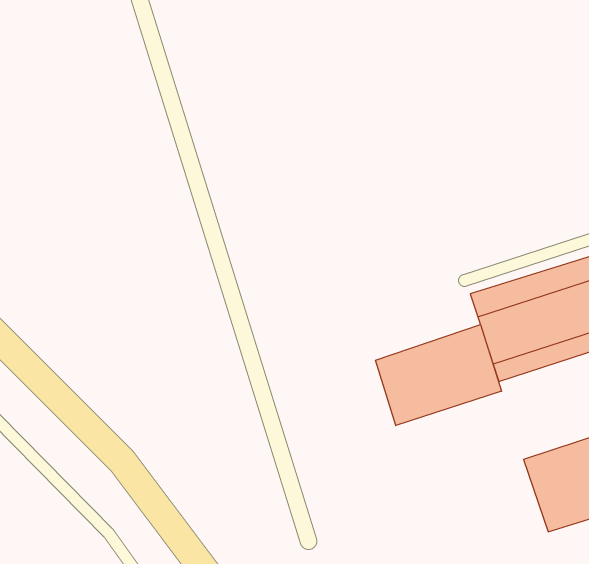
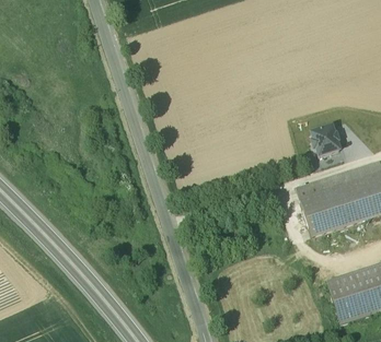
building: none -> [311,125,339,155]
building: [376,325,502,426] -> none

